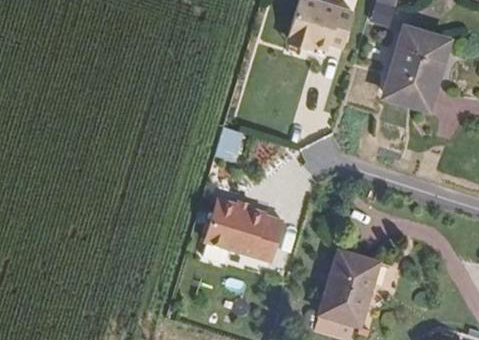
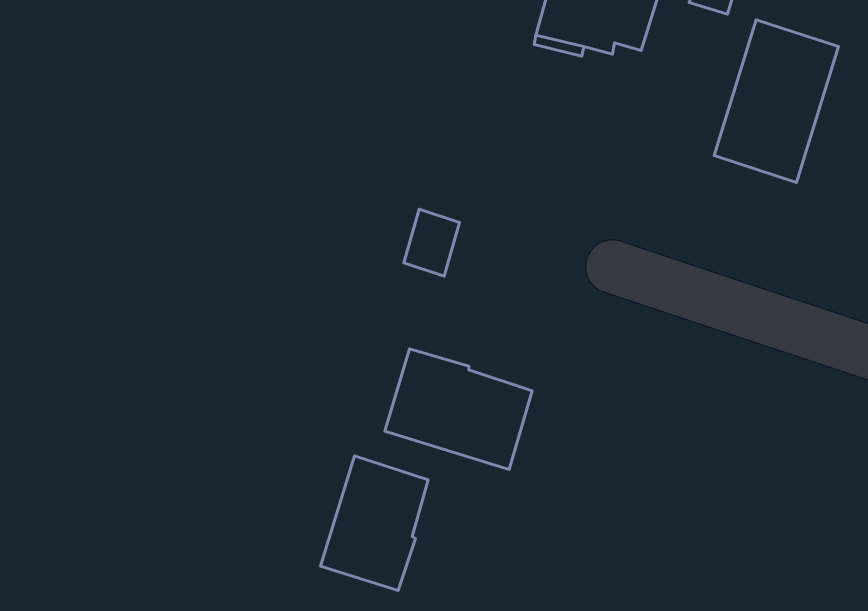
building: [320,246,379,324] -> none
building: none -> [320,456,428,591]

